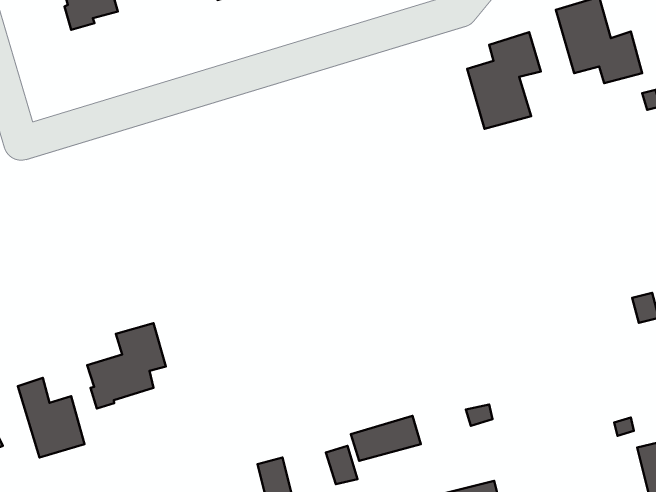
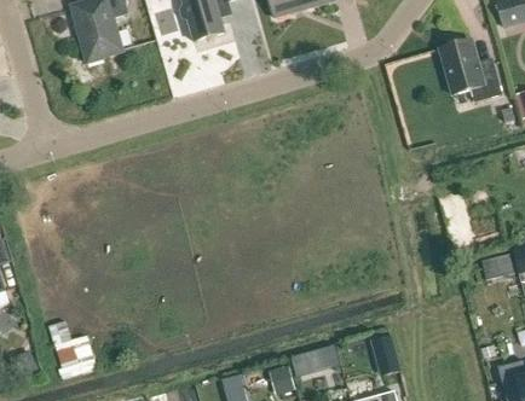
building: [467,32,541,129] -> none
building: [87,323,166,409] -> none

